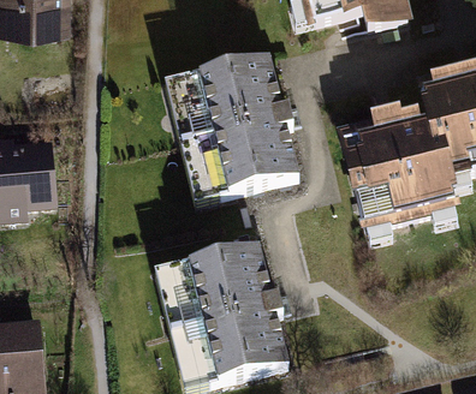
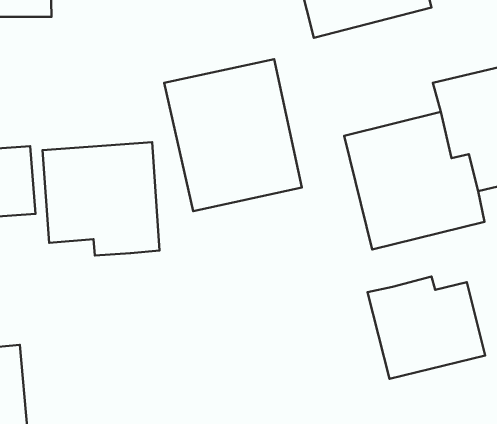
building: none -> [43,142,160,256]
building: [160,247,284,386] -> none
building: none -> [368,276,485,379]

